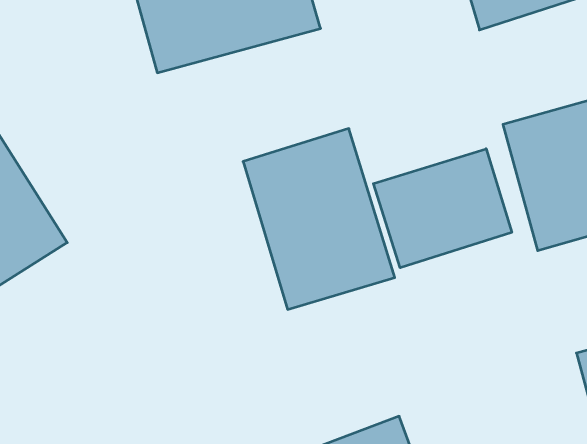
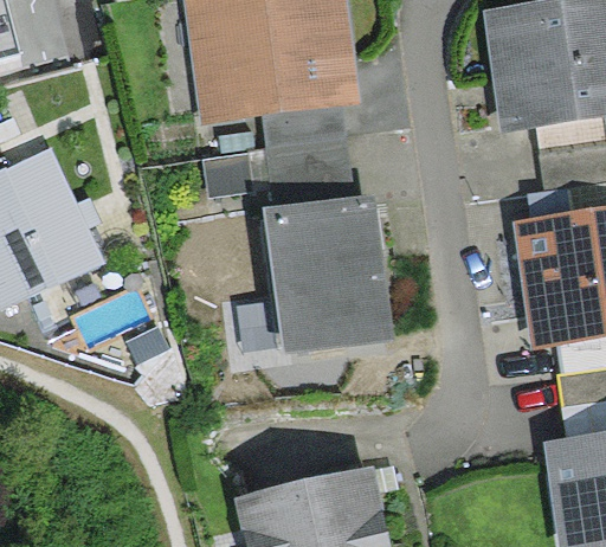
building: [373,149,512,268] -> none

